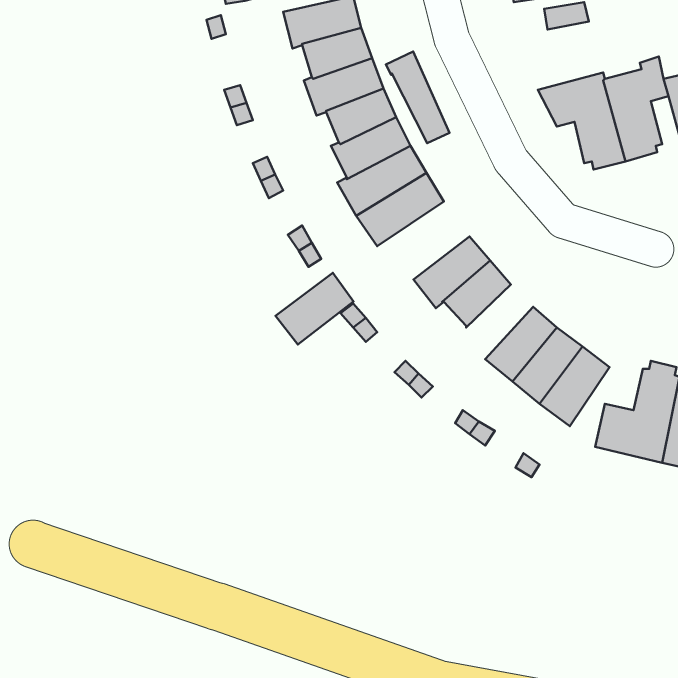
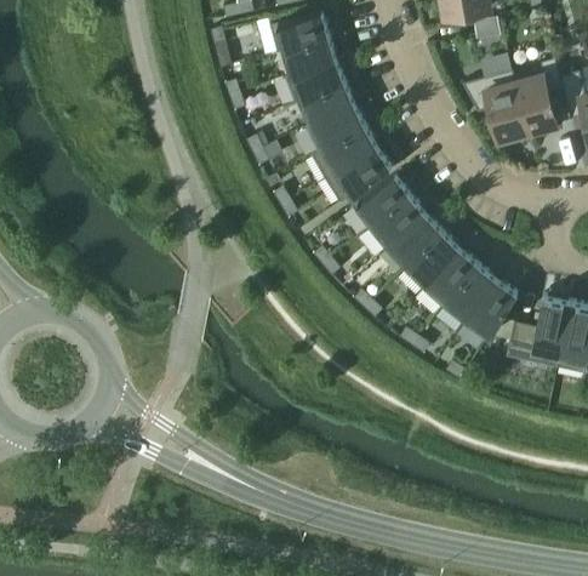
building: [386,52,450,143] -> none
building: [275,273,353,344] -> [352,173,411,228]
building: none -> [403,232,459,289]

